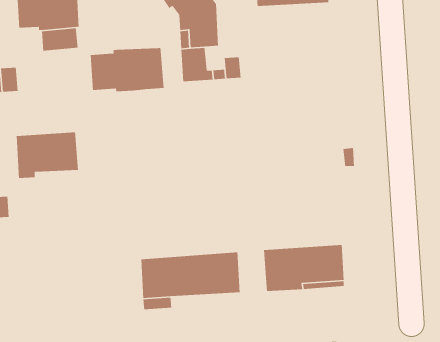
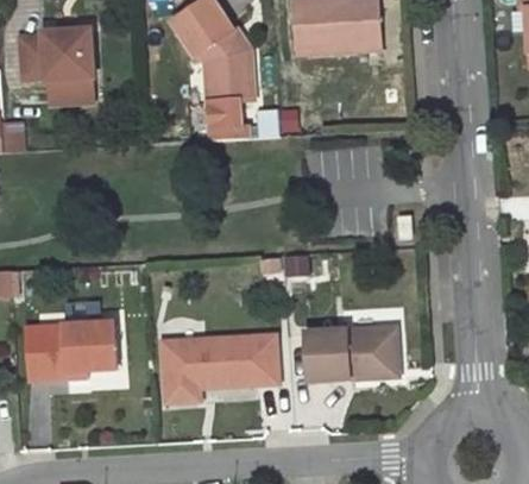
building: [90,47,164,92] -> none
building: [16,131,79,179] -> [45,322,118,377]

